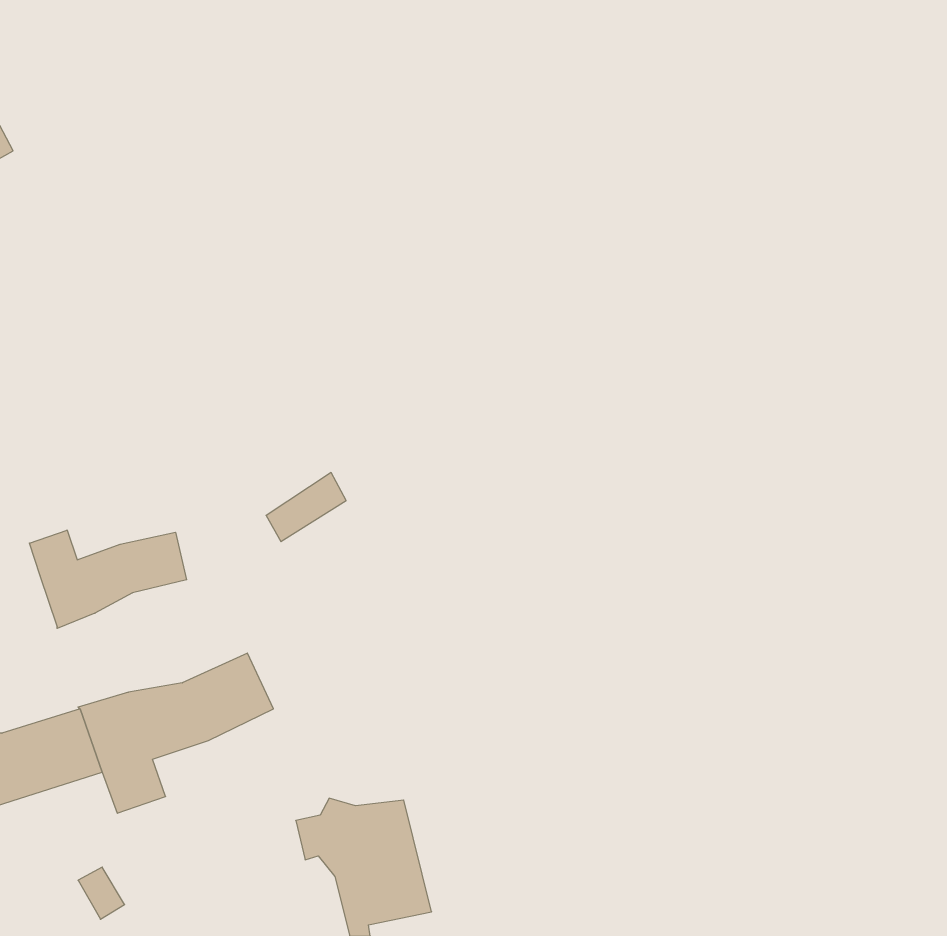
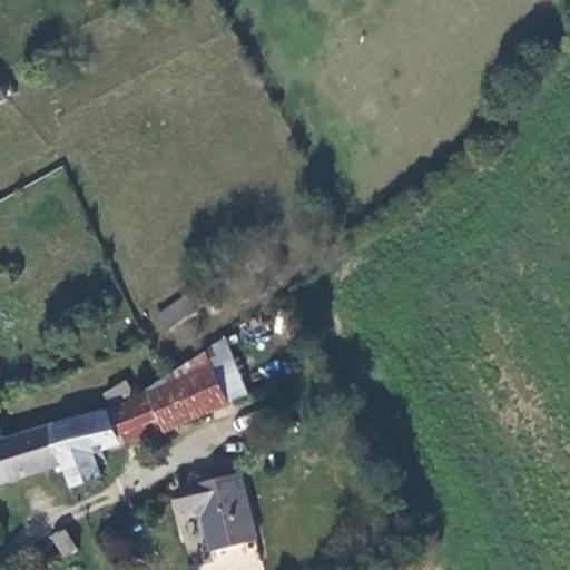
building: [29,530,187,628] -> none
building: none -> [148,362,232,431]

